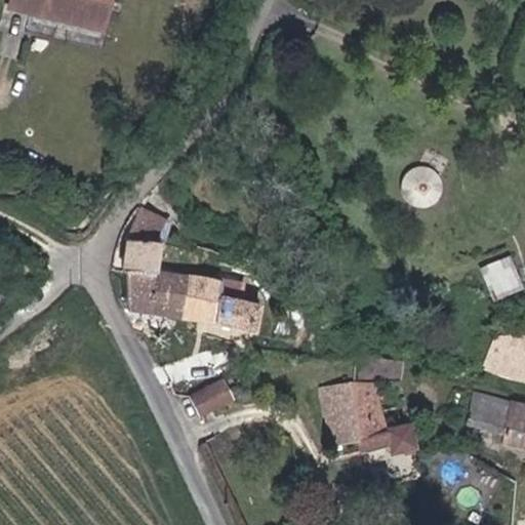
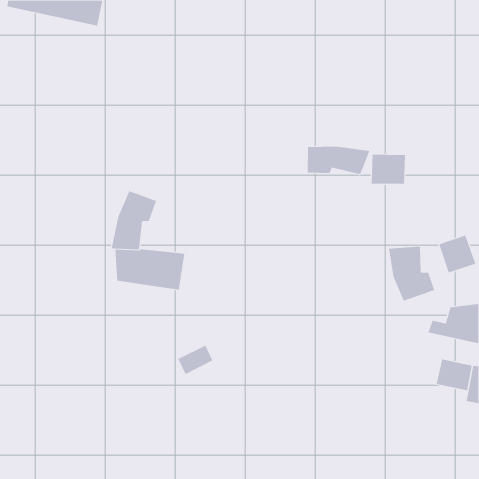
building: none -> [307,146,370,175]
building: none -> [389,246,435,301]
building: [196,278,258,328] -> none
building: [321,358,416,455] -> none

